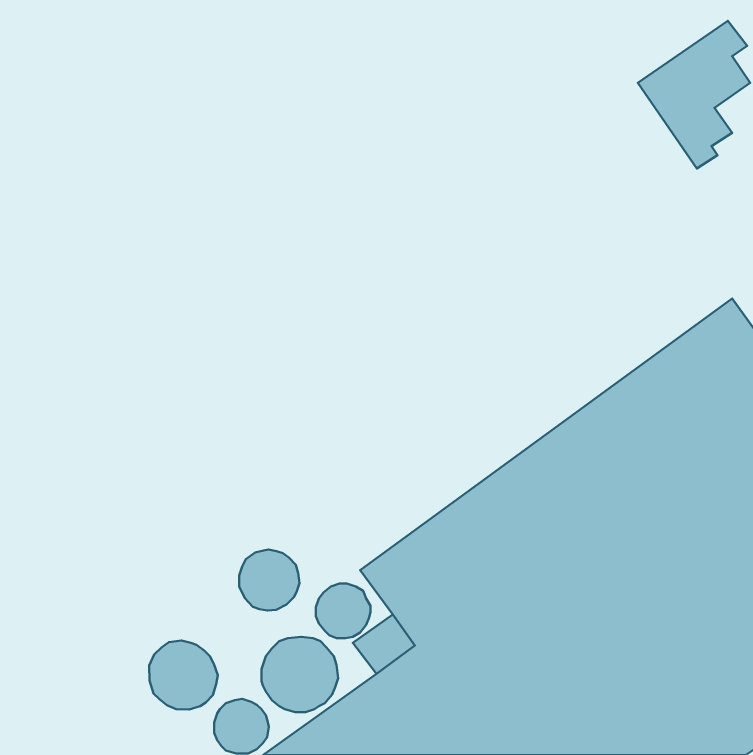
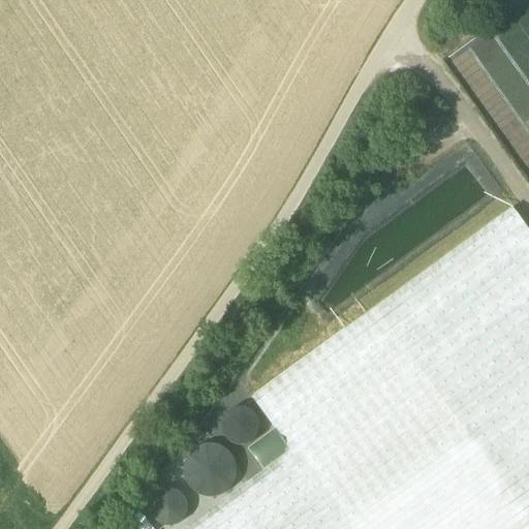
building: [239,550,300,611] -> none
building: [149,641,218,709] -> none

